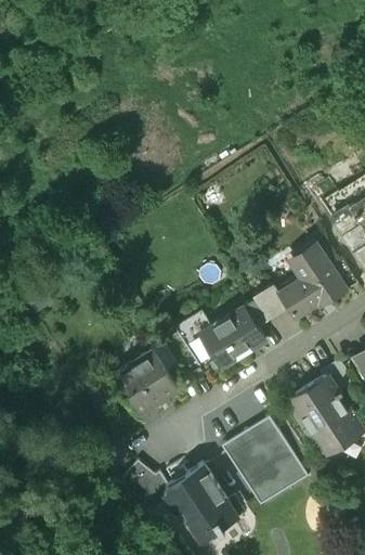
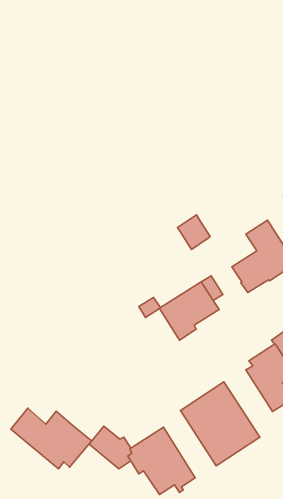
building: [252,285,288,323] -> [178,215,210,249]
building: [109,354,180,425] -> none
building: none -> [11,408,91,469]

